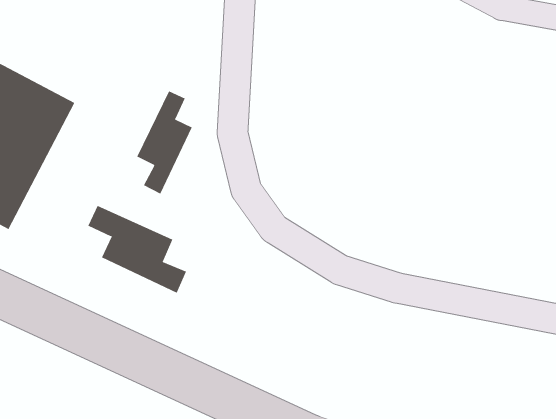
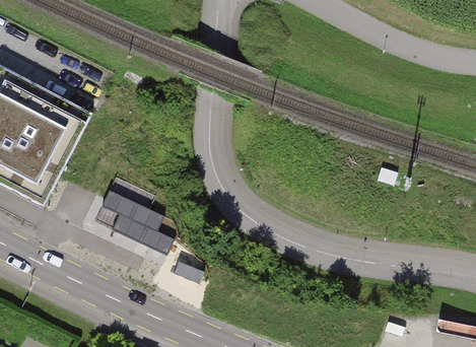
building: [137,90,192,194] -> none

